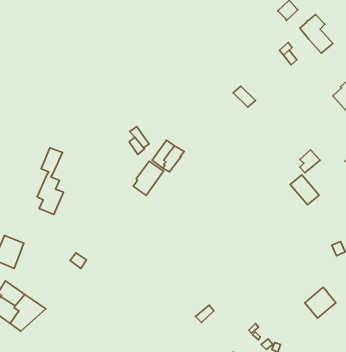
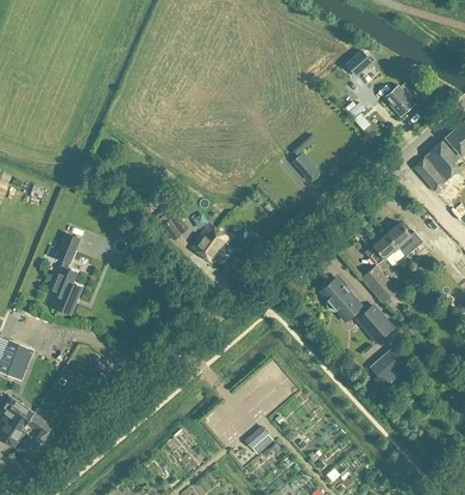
building: none -> [385,223,421,256]
building: [133,161,164,195] -> none
building: none -> [320,277,360,320]
building: none -> [356,305,391,342]
building: [305,287,336,318] -> [370,347,408,386]

